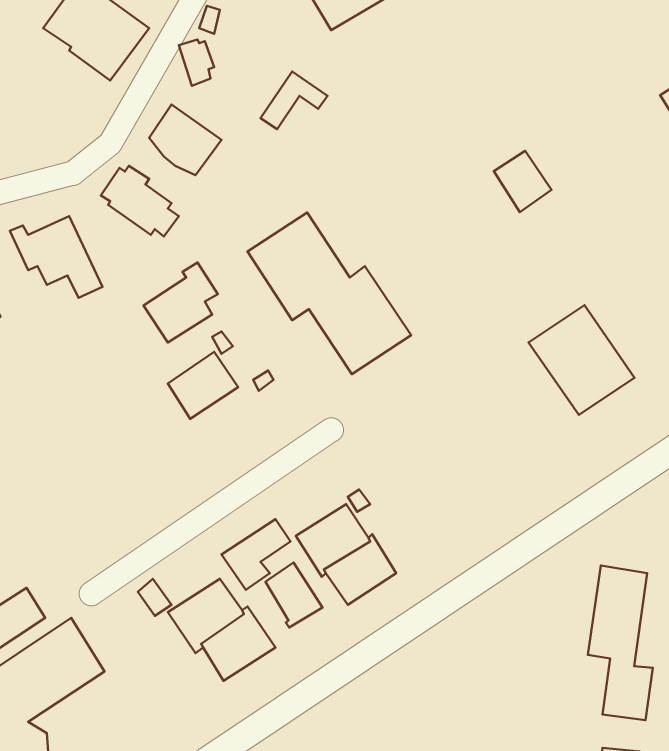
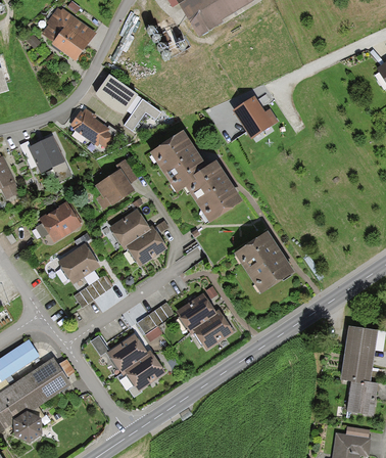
building: [261,72,327,129] -> [126,98,162,130]
building: [494,151,551,212] -> [238,98,270,132]
building: [529,305,635,415] -> [239,234,297,294]
building: none -> [34,201,80,237]
building: none -> [124,226,165,266]
building: none -> [55,243,96,282]
building: none -> [77,273,113,305]
building: [266,563,322,627] -> none

